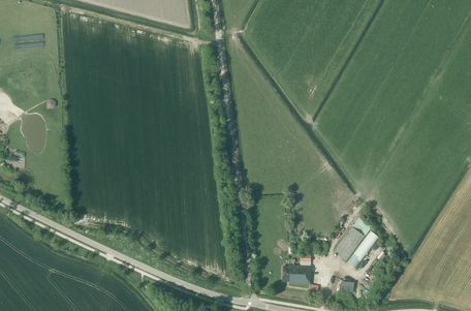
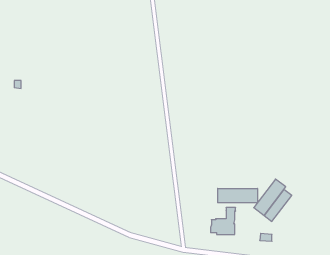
building: none -> [218,188,257,203]

